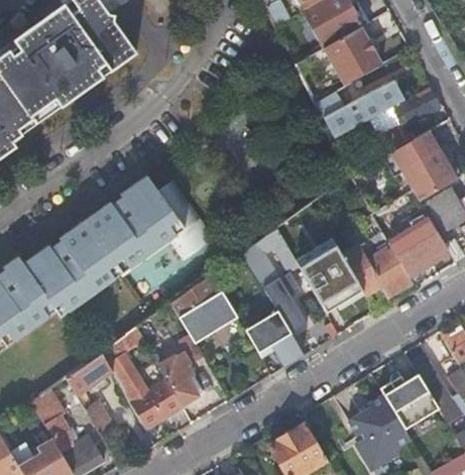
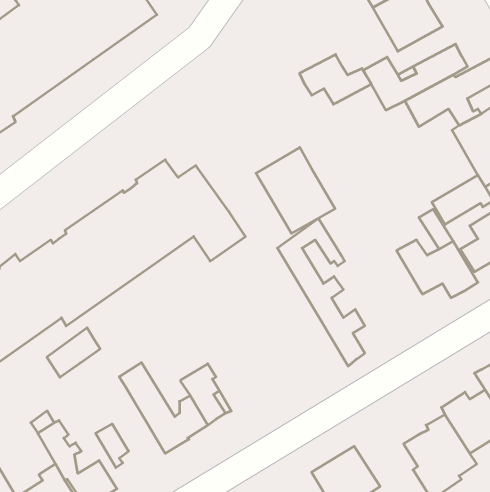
building: none -> [300,54,371,104]
building: [296,237,363,311] -> [256,147,335,233]
building: [170,274,237,343] -> none
building: [245,312,303,365] -> none
building: [66,353,111,395] -> [47,328,100,377]

